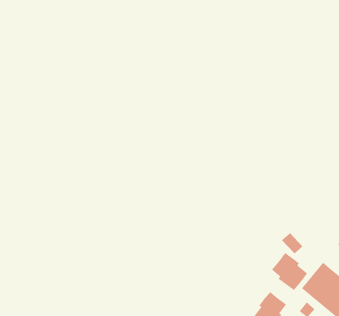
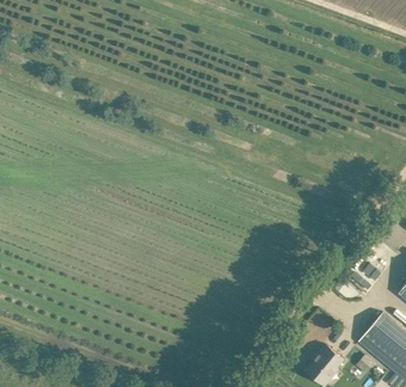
building: [271,252,308,291] -> none

